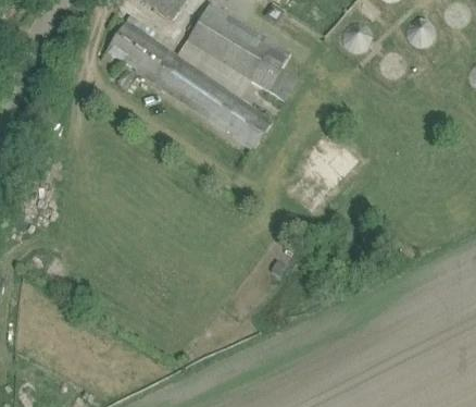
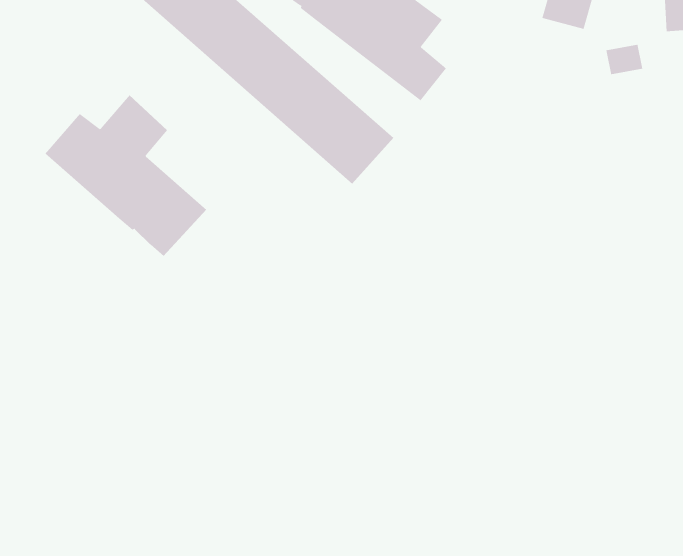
building: none -> [45,95,207,257]

